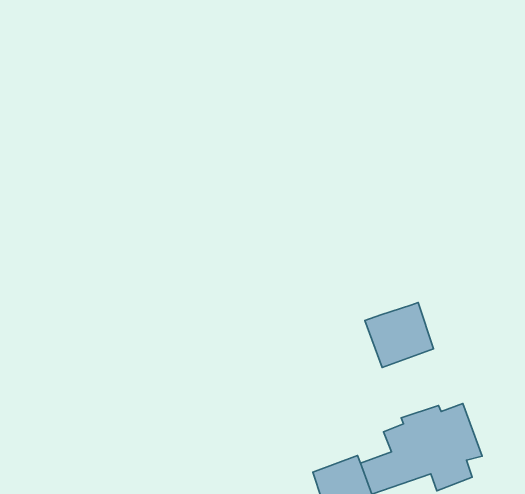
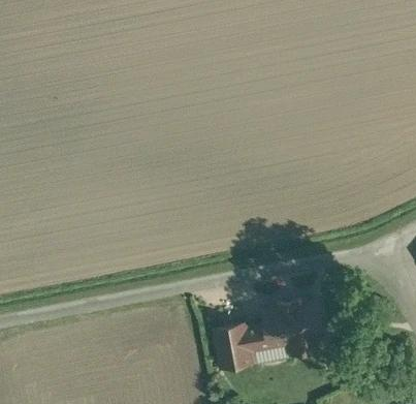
building: [365,303,433,367] -> none

